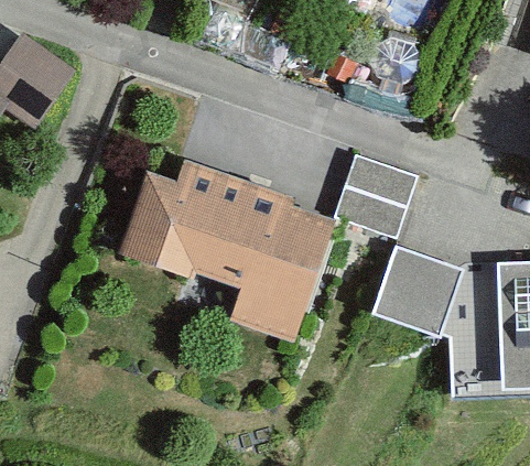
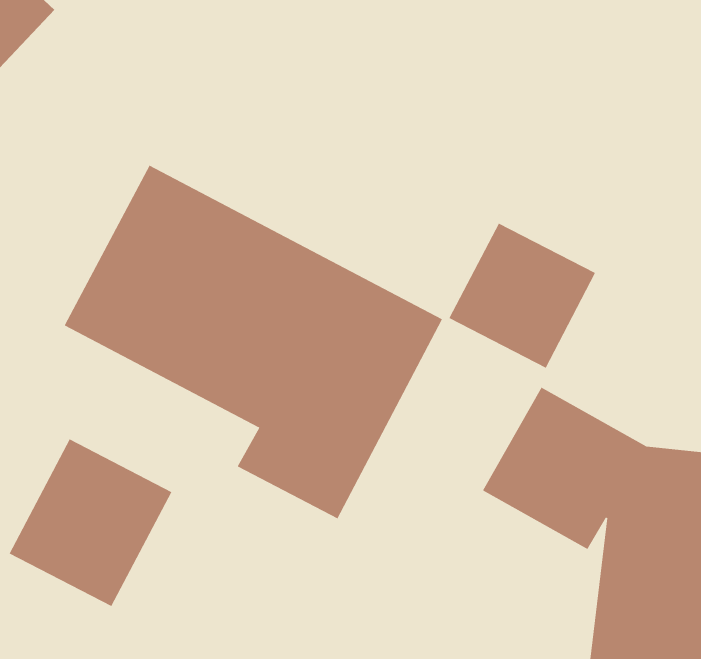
building: none -> [9,439,172,607]

